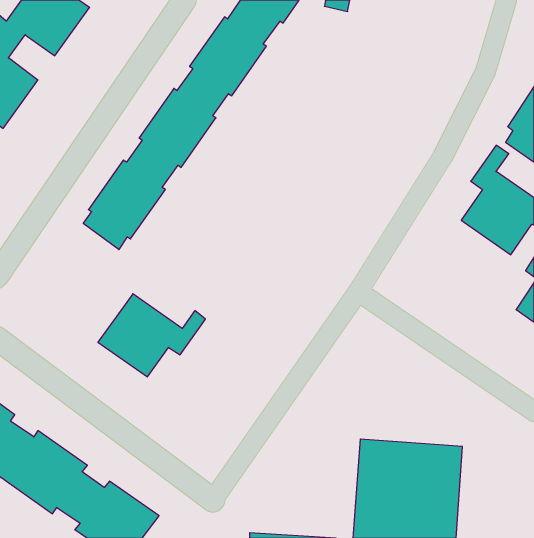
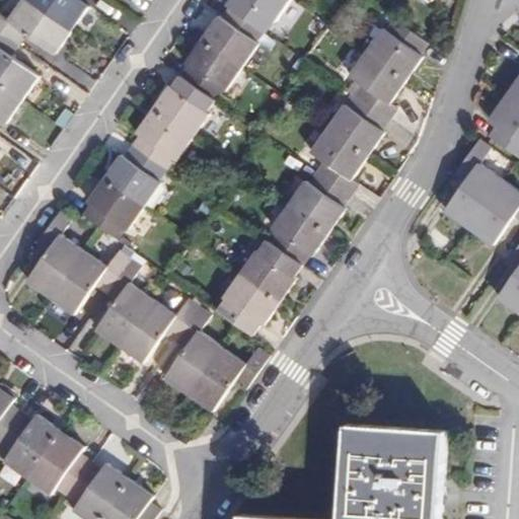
building: none -> [216,19,426,335]
building: none -> [25,209,140,314]
building: none -> [163,307,268,412]

